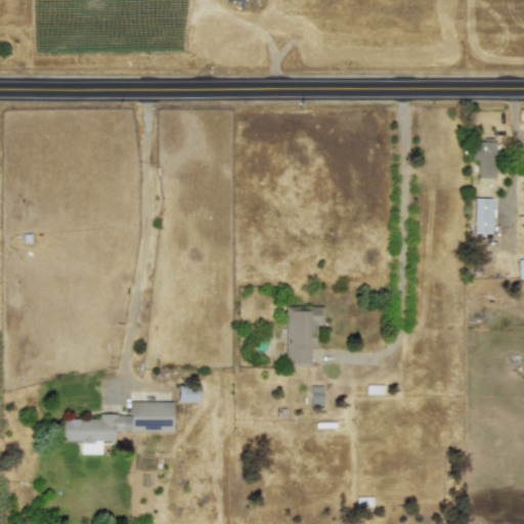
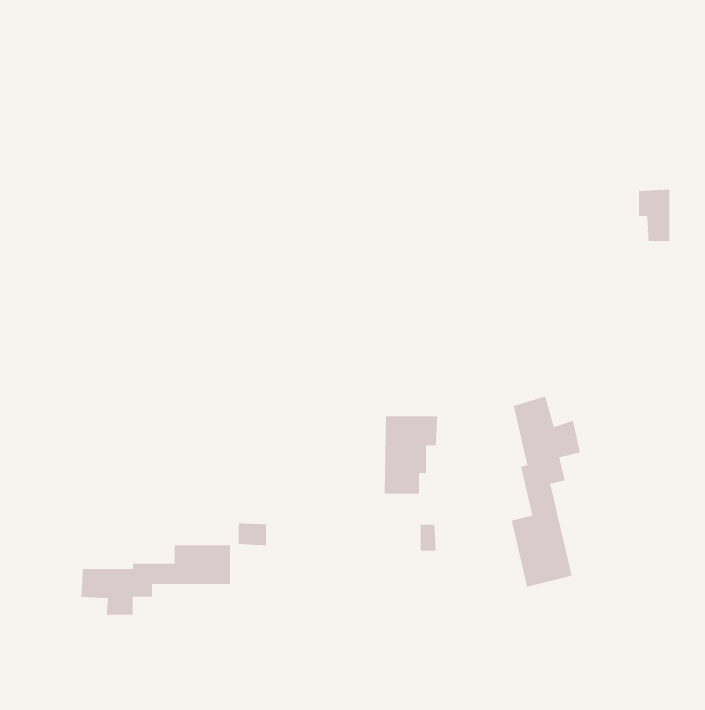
building: [477,199,494,232] -> none
building: none -> [511,396,581,588]

